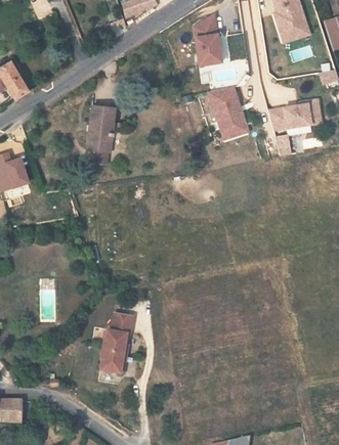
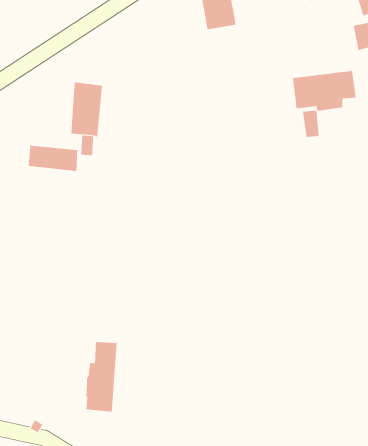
building: [209,82,251,139] -> none
building: none -> [28,145,78,172]

